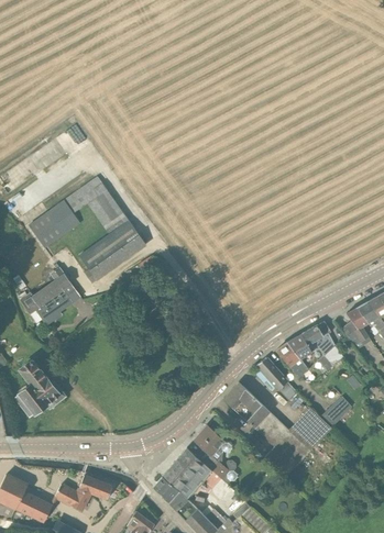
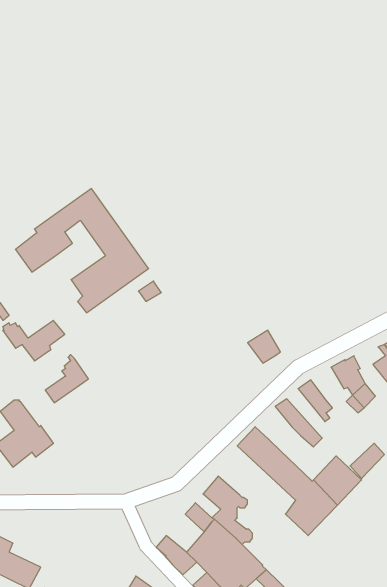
building: [34,264,72,306] -> [45,355,88,403]
building: [287,331,316,359] -> [248,330,280,363]
building: [162,458,195,491] -> none
building: [54,476,112,513] -> none

